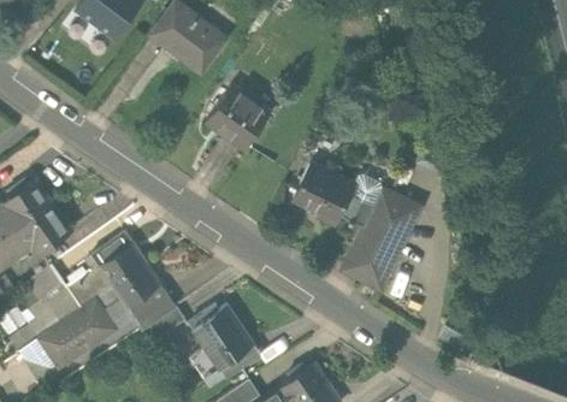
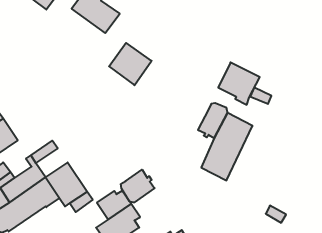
building: [293,164,354,226] -> [218,62,260,105]
building: [99,243,146,285] -> none
building: none -> [121,170,155,202]

